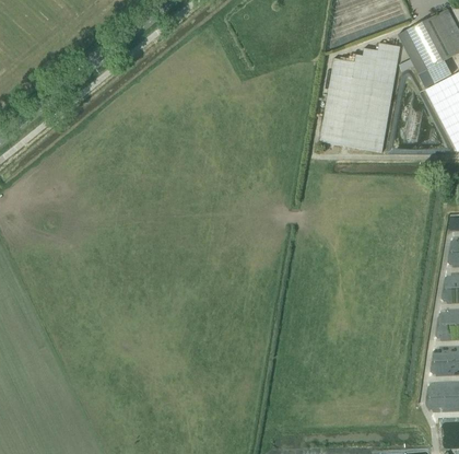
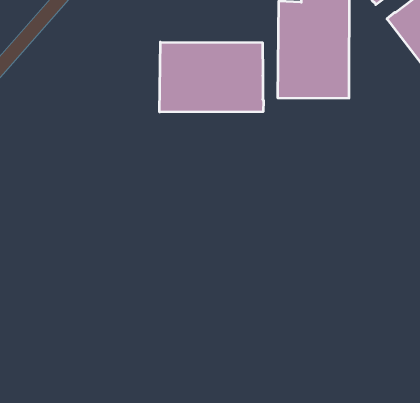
building: none -> [160,42,263,112]

